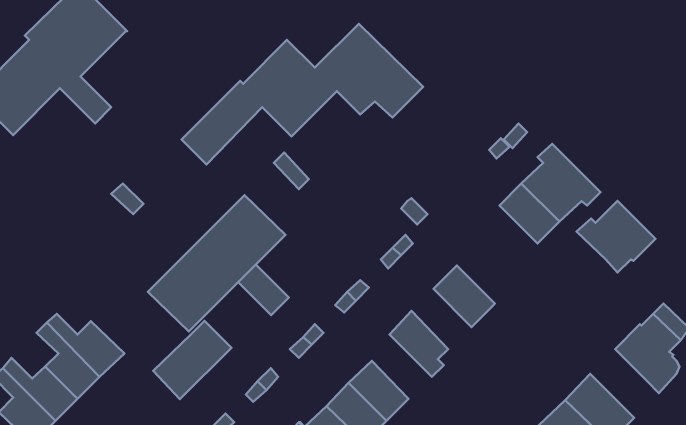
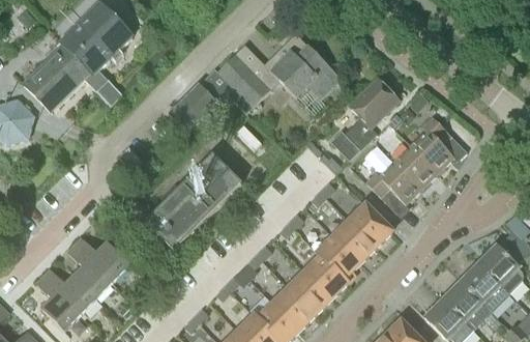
building: none -> [329,78,398,160]
building: [576,201,656,273] -> [365,161,421,211]
building: [238,264,289,315] -> none
building: none -> [332,220,375,262]
building: [153,321,231,399] -> none
building: none -> [304,252,347,297]
building: none -> [459,262,507,311]

